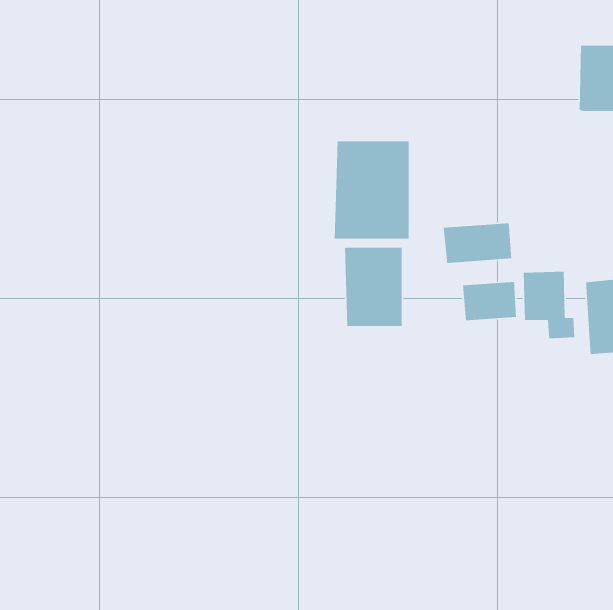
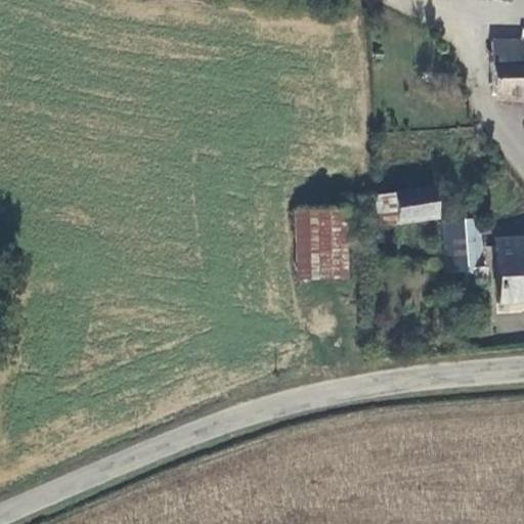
building: [334,141,409,240] -> none
building: [462,281,517,321] -> none

